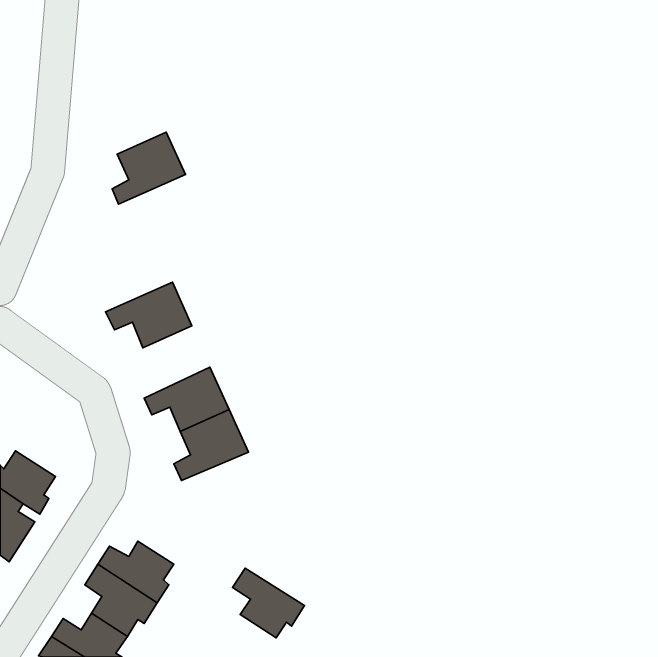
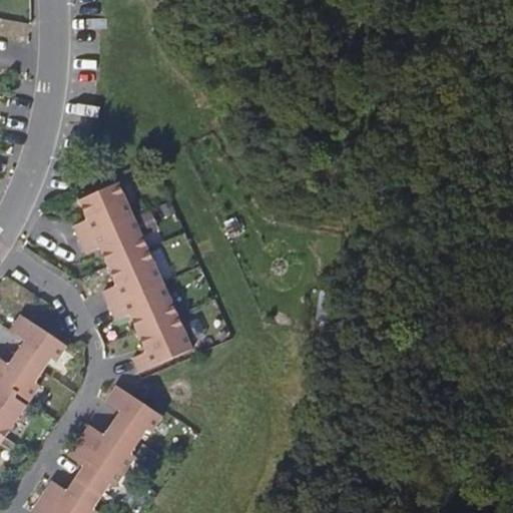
building: [112,132,185,204] -> [77,186,134,242]
building: none -> [106,253,163,310]
building: none -> [12,315,67,371]
building: [232,568,305,638] -> [101,385,157,439]

